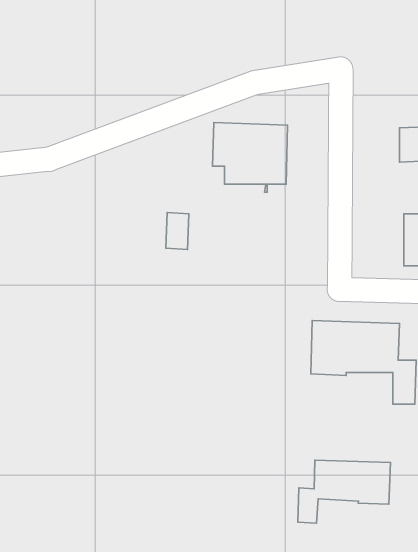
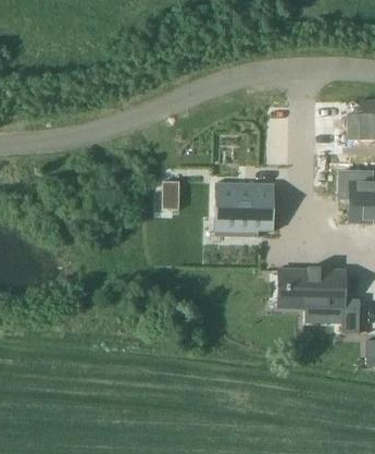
building: [212,122,288,192] -> [214,182,274,237]
building: [298,460,390,523] -> none

